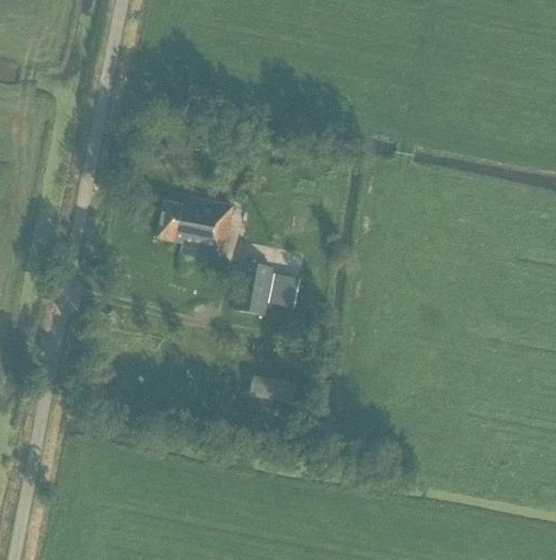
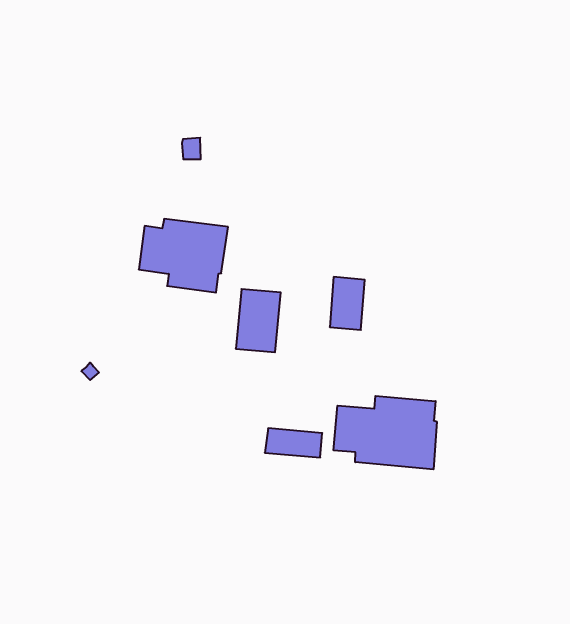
building: [269,272,301,317] -> [330,277,365,330]
building: none -> [334,396,437,469]

